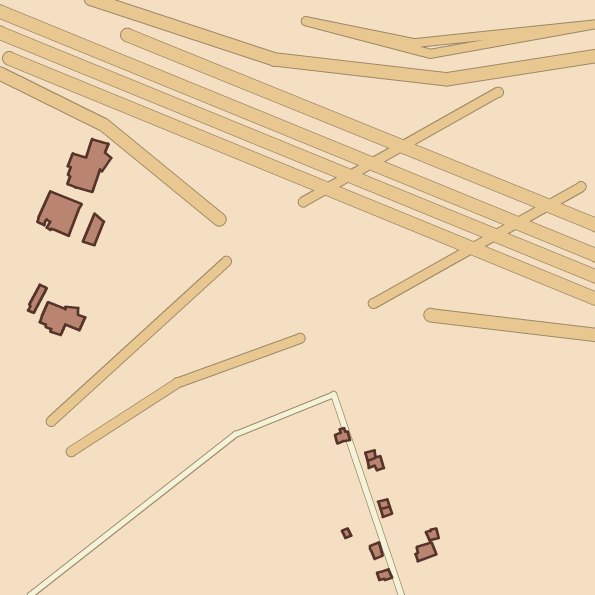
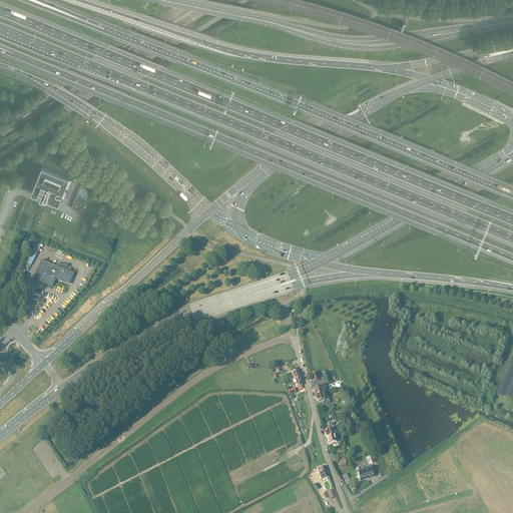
building: [68,139,111,192] -> none

